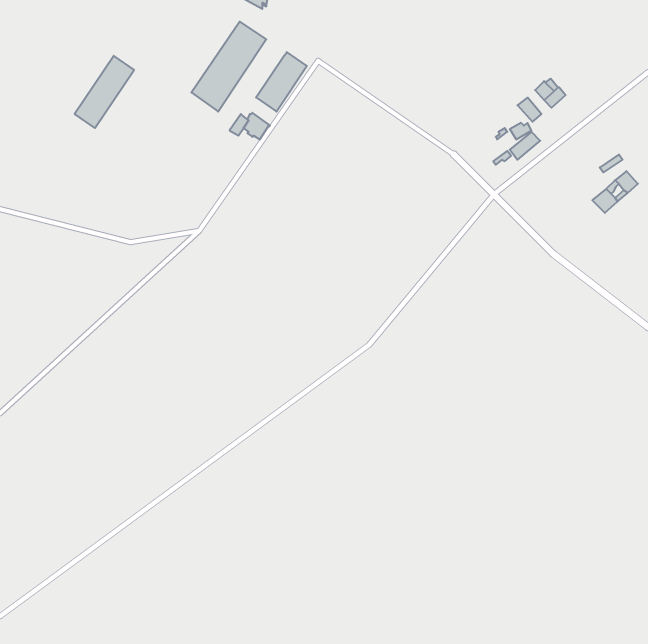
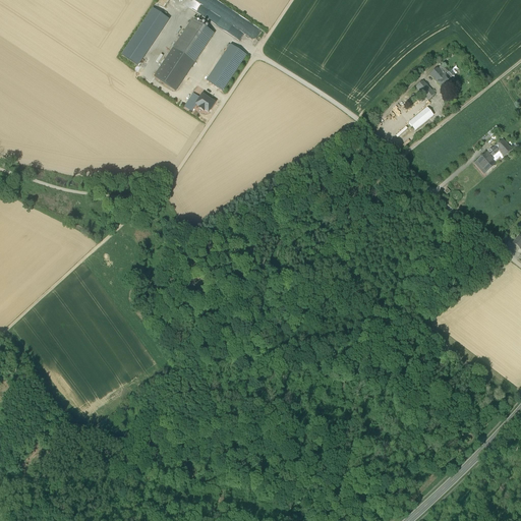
building: [75,56,134,128] -> [121,6,169,64]

